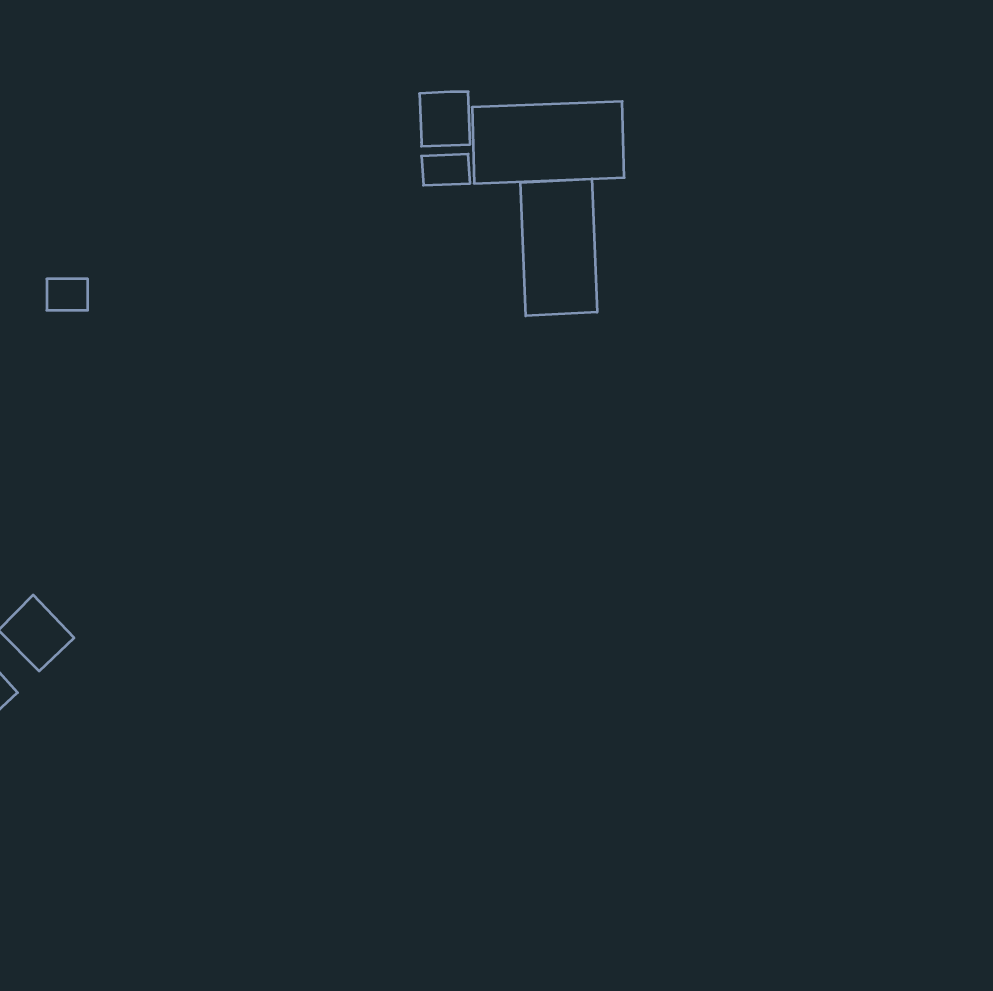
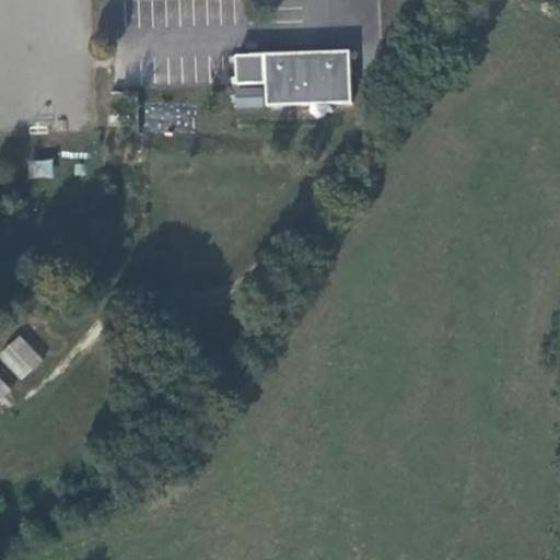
building: [521,179,597,316] -> none

